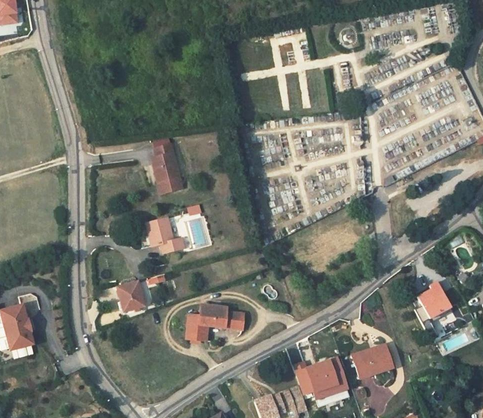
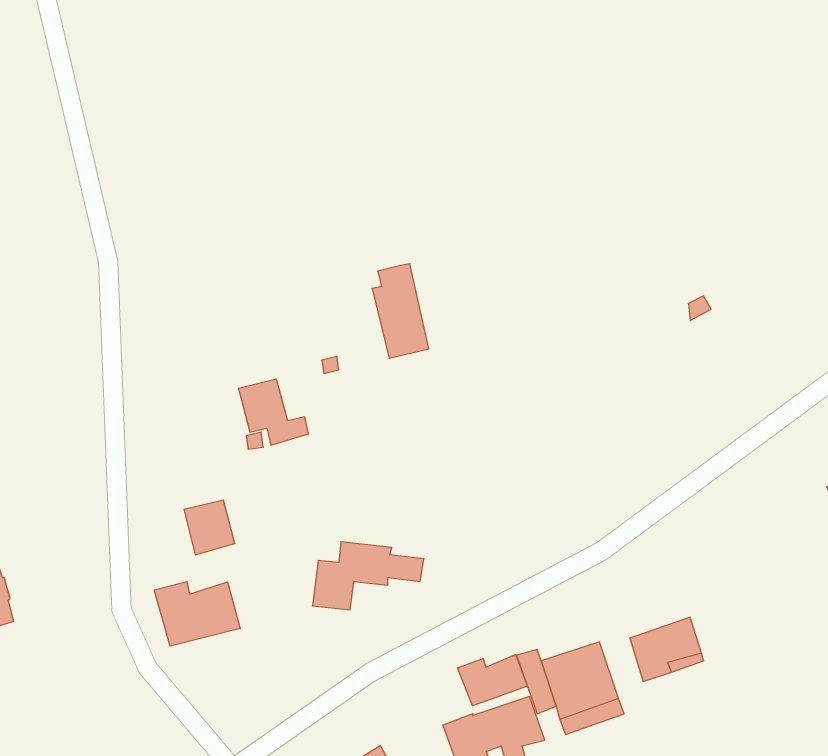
building: [152,145,182,195] -> [372,264,429,358]
building: [415,282,452,323] -> none
building: none -> [154,581,240,646]
building: none -> [458,655,527,706]

